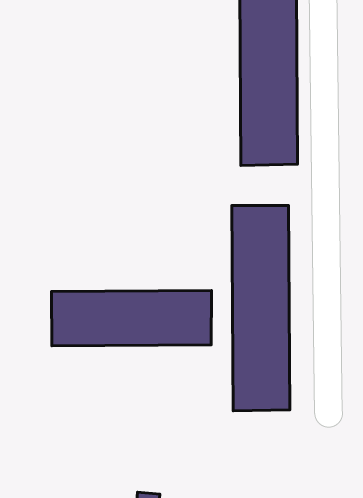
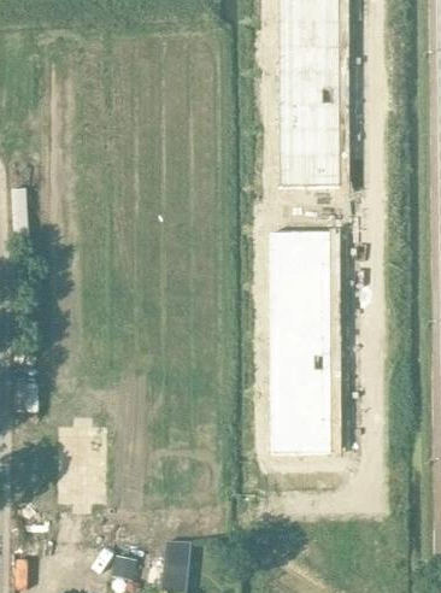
building: [51,291,212,346] -> none

